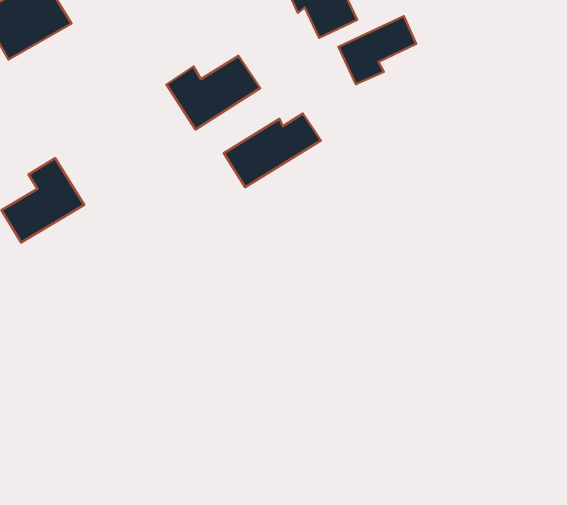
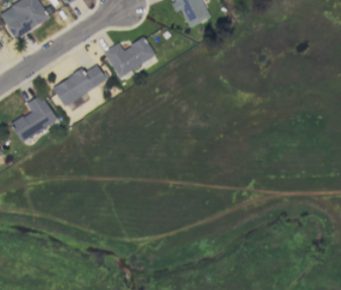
building: [338,16,416,84] -> none
building: [224,114,321,187] -> [51,65,106,107]

